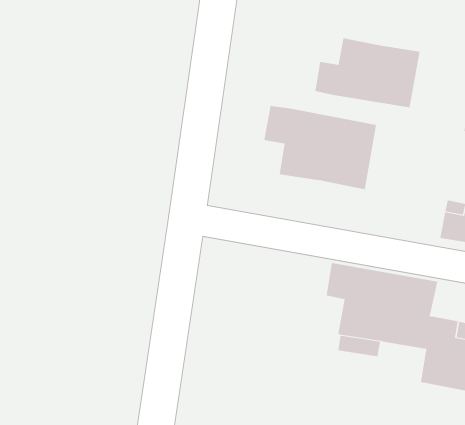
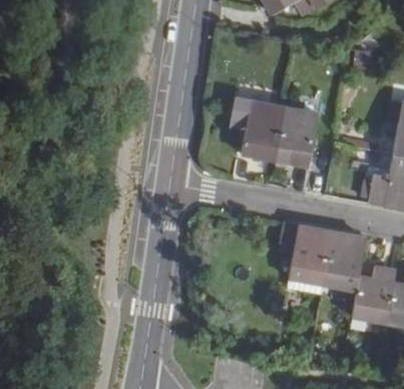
building: [315,37,420,108] -> none

